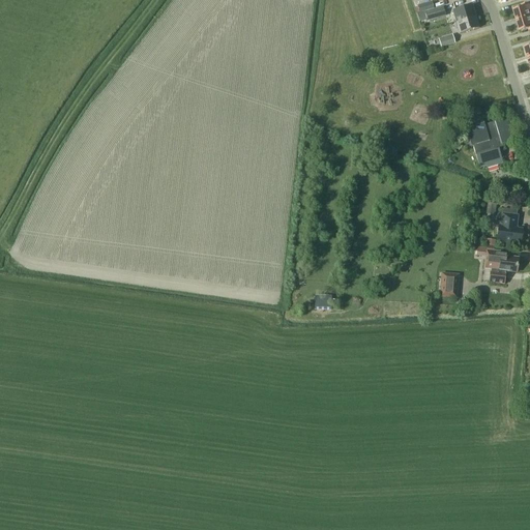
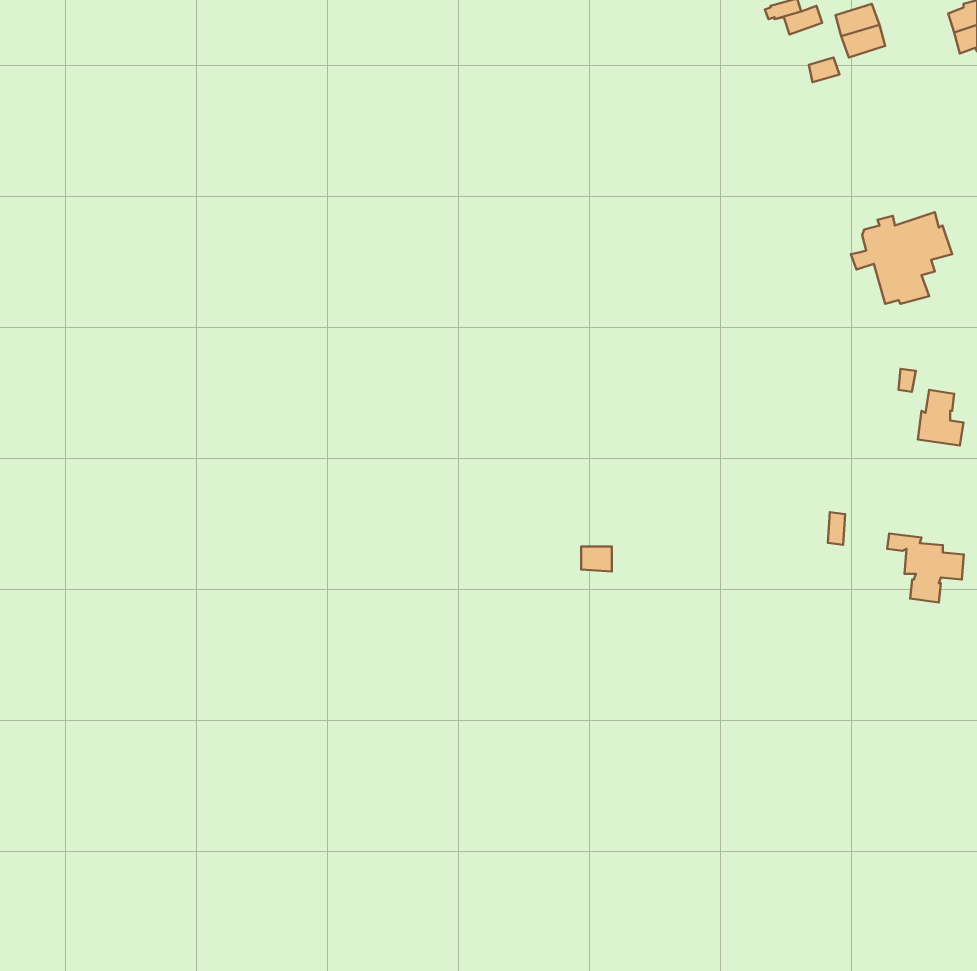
building: [476,244,518,282] -> [887,534,964,602]

